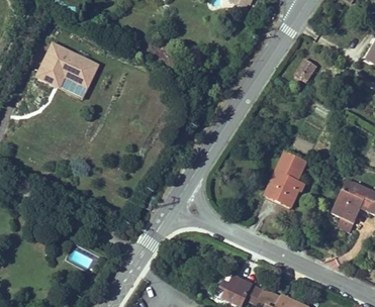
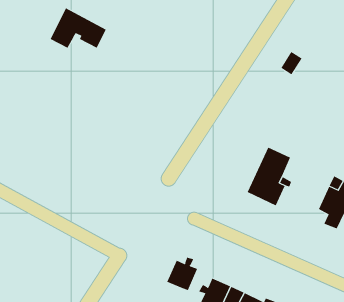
building: [38,53,93,92] -> [50,7,107,49]
building: none -> [167,257,198,291]

